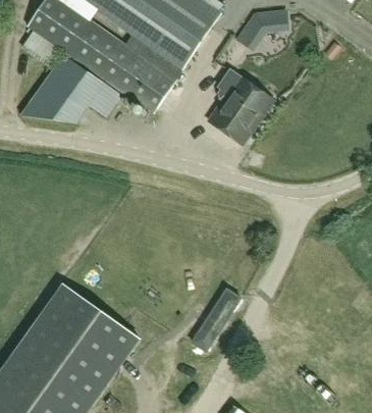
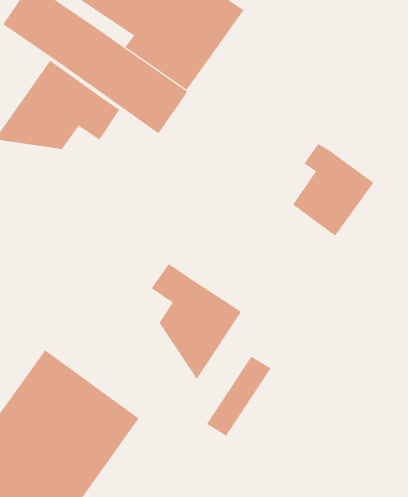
building: [236,10,289,52] -> none
building: [209,70,274,145] -> [292,143,374,237]
building: none -> [151,263,242,380]

